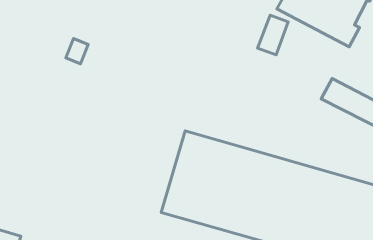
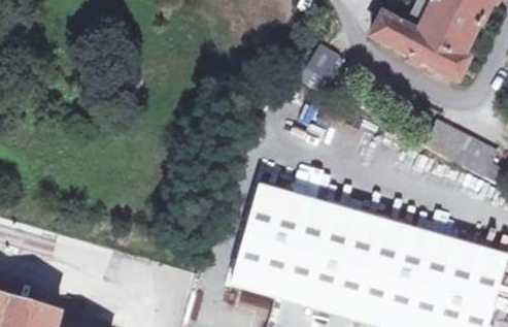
building: [257,15,288,55] -> [298,42,335,91]

